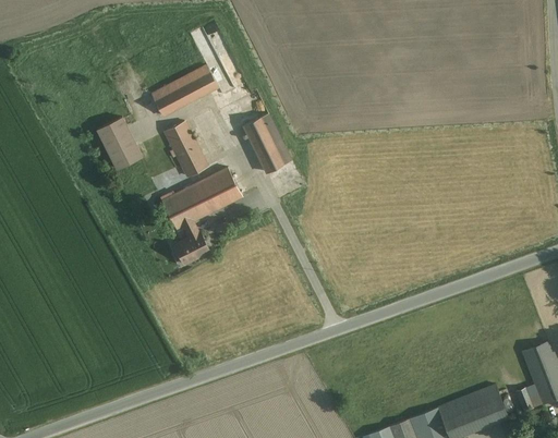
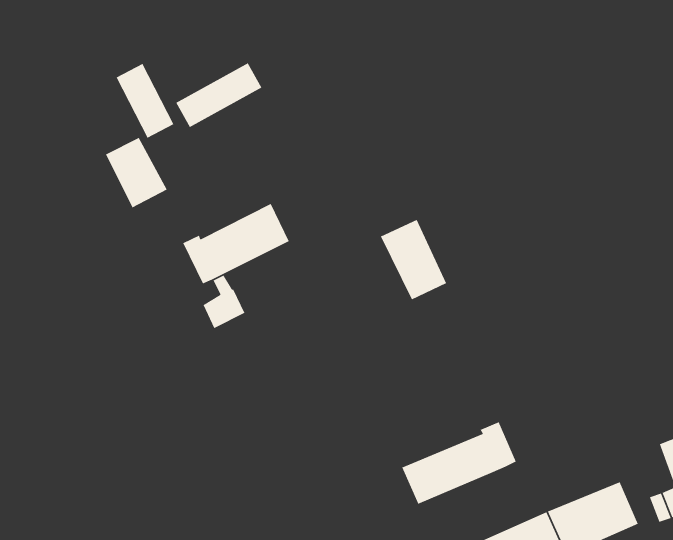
building: [244,115,295,178] -> [380,219,447,301]
building: [166,122,210,180] -> [116,63,174,139]
building: none -> [401,421,517,505]

